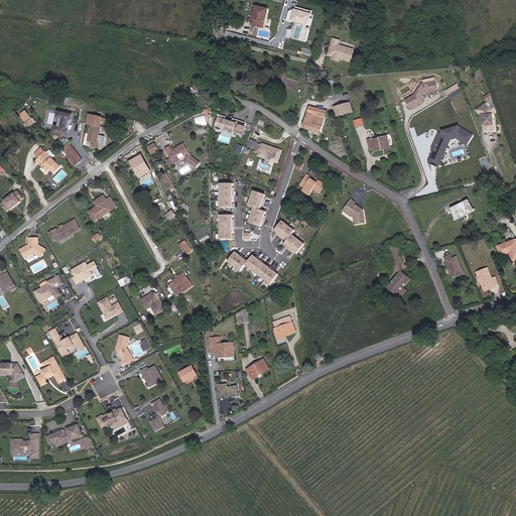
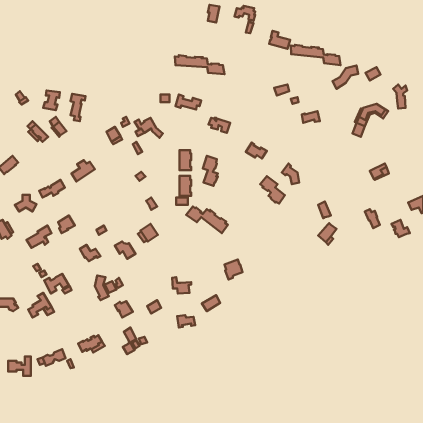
building: none -> [291,45,340,65]
building: none -> [175,55,224,74]
building: [301,106,326,132] -> none
building: [272,220,302,253] -> [260,176,285,203]

